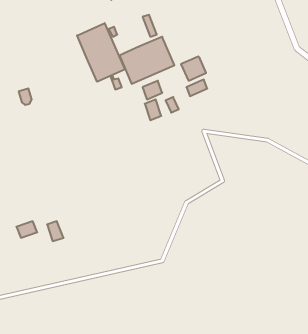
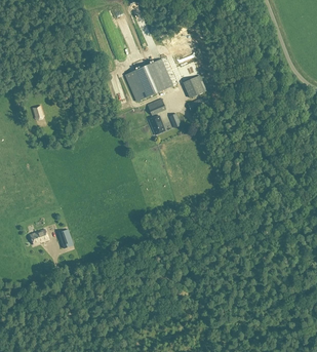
building: [77,23,125,82] -> none

